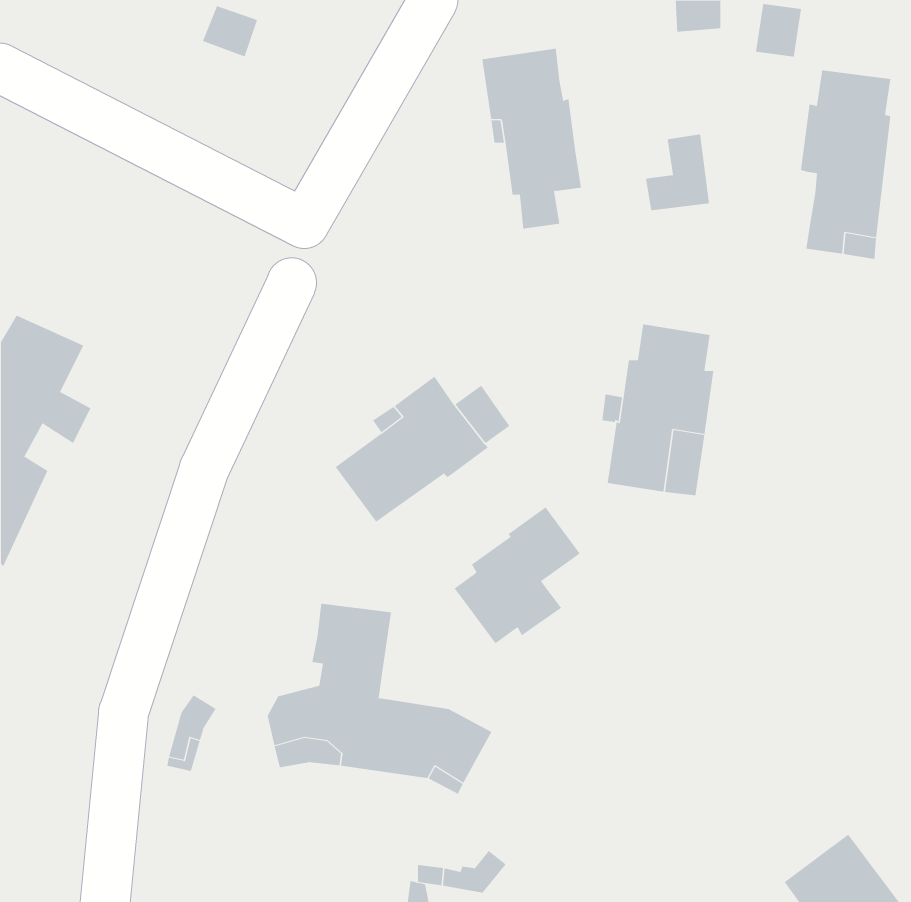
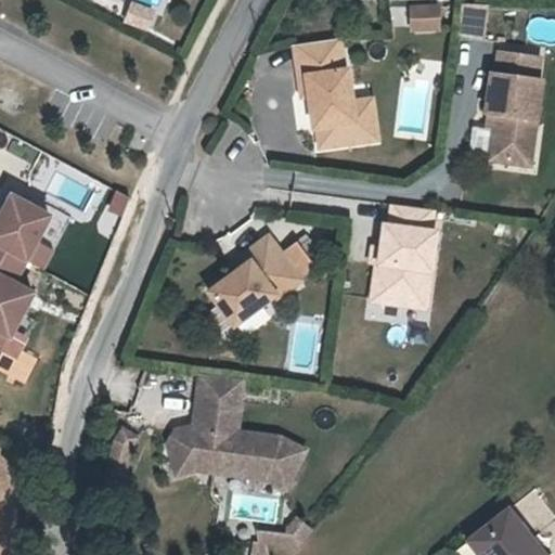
building: [645,134,710,211] -> [338,96,377,143]
building: [454,507,581,644] -> none

